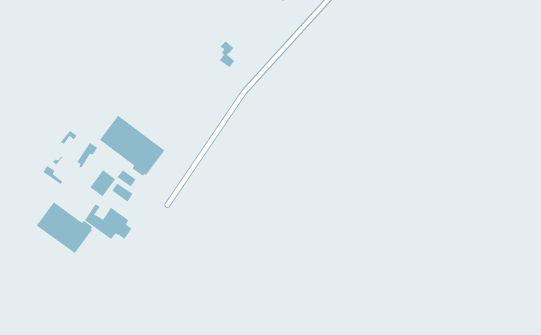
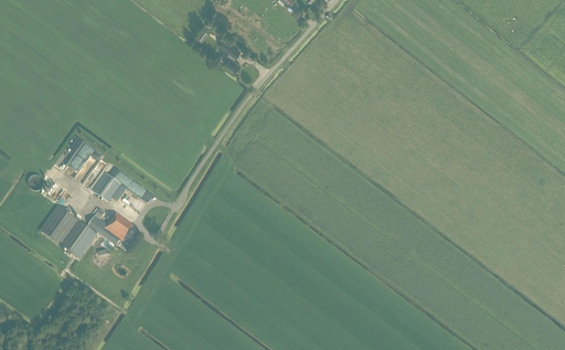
building: [99,115,165,176] -> none

